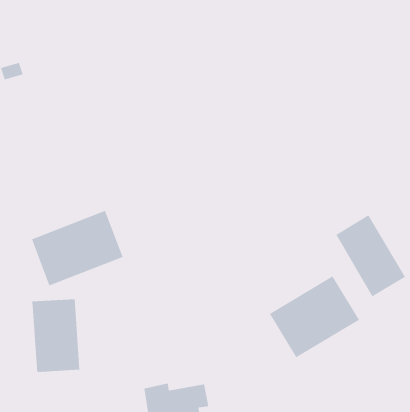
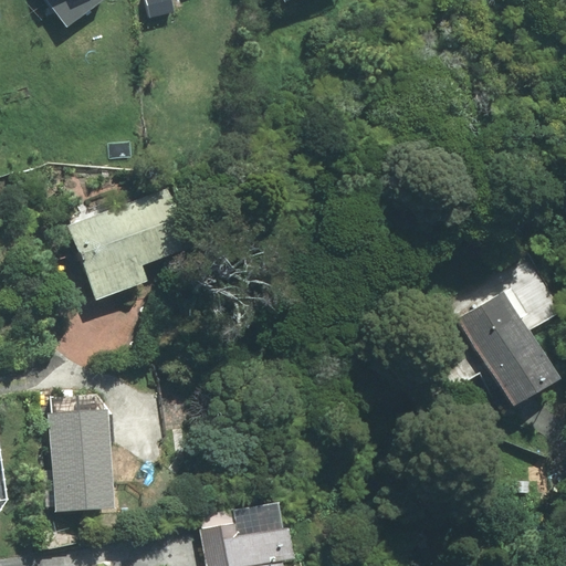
building: [31,210,123,286] -> [64,179,190,283]
building: [269,276,360,358] -> none

